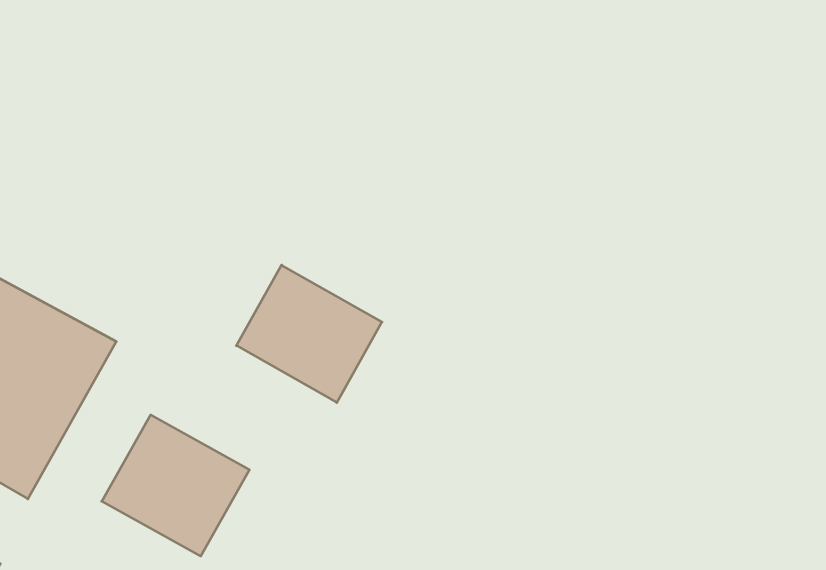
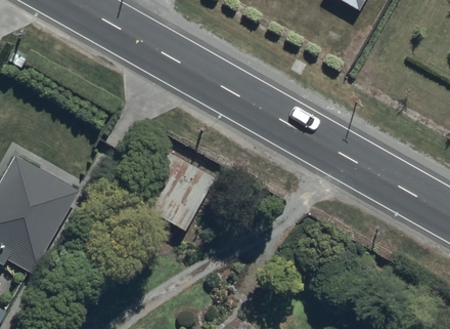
building: [102,415,249,556] -> none

